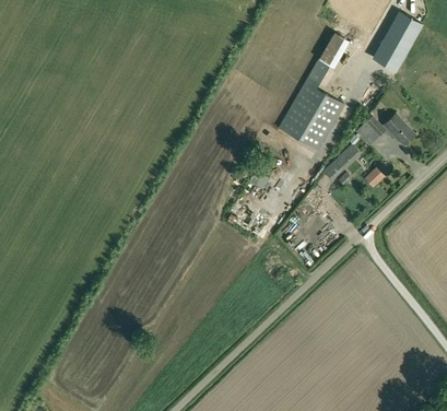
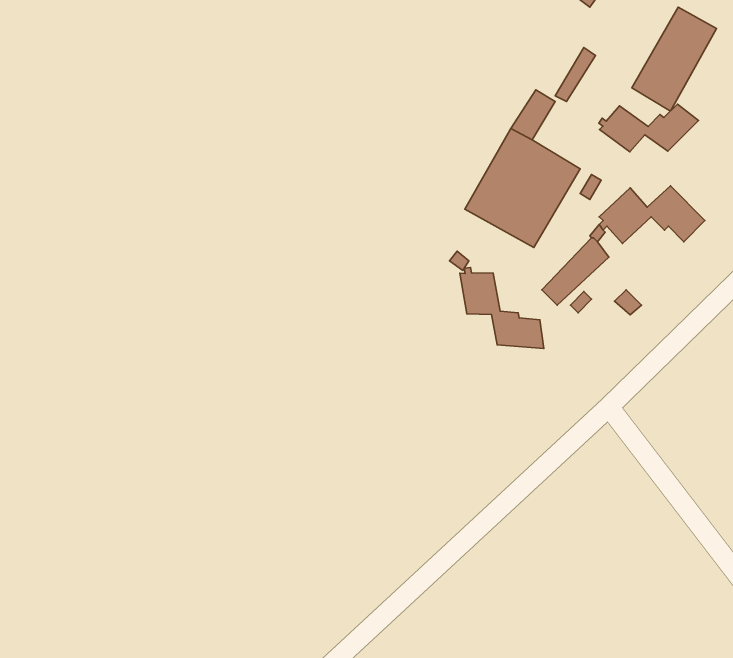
building: none -> [599,104,698,152]
building: none -> [460,267,544,349]

